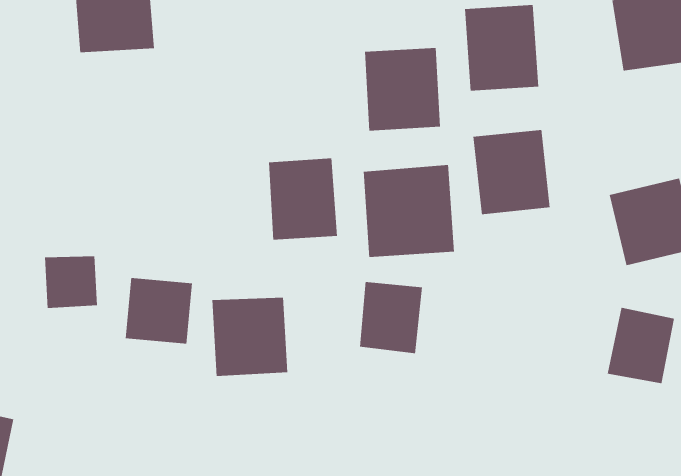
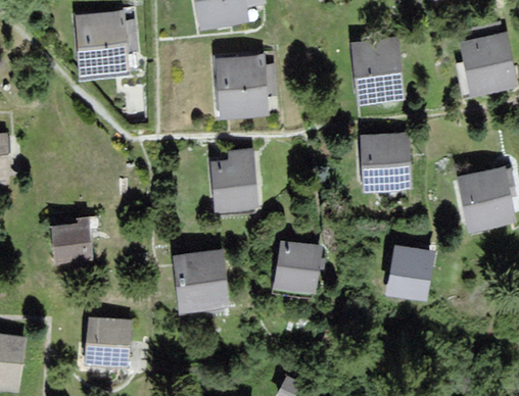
building: [364,47,441,131] -> [215,57,270,117]
building: [363,164,455,258] -> none
building: [125,277,193,344] -> [85,319,134,367]
building: [607,307,675,384] -> [390,243,439,298]

